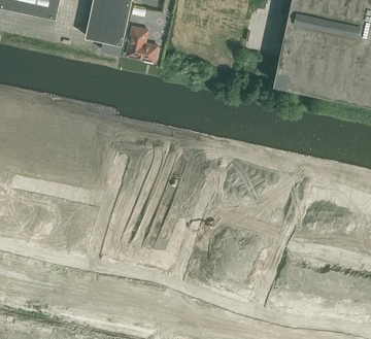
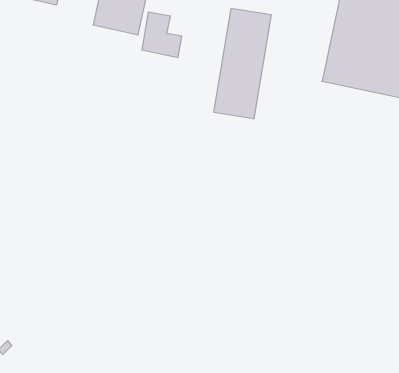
building: none -> [214,8,271,119]

